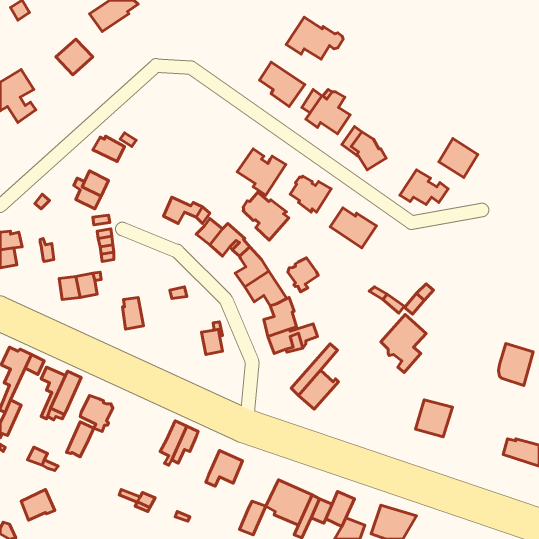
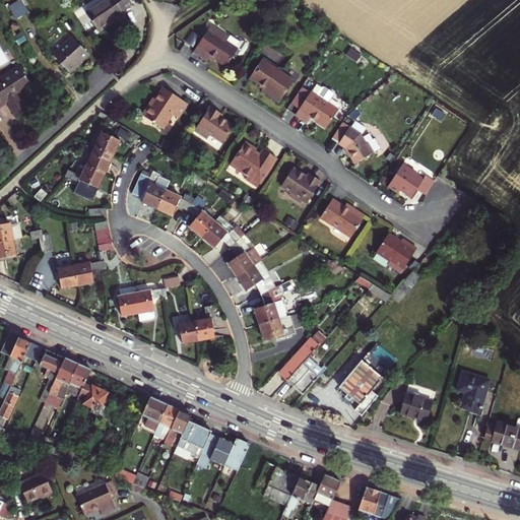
building: [286,17,343,59] -> [193,25,248,66]
building: none -> [141,87,187,129]
building: none -> [193,108,233,143]
building: [439,139,478,178] -> none
building: none -> [86,147,113,174]
building: none -> [132,171,170,208]
building: [243,192,289,240] -> none
building: none -> [374,235,414,274]
building: [288,258,318,292] -> none
building: none -> [134,289,154,322]
building: [381,314,426,372] -> [338,359,382,414]
building: none -> [178,320,198,344]
building: [498,343,533,386] -> [456,372,490,412]
building: none -> [142,396,169,431]
building: [66,422,94,457] -> [65,364,91,397]
building: none -> [174,420,212,460]
building: none -> [76,482,116,514]
building: [239,501,266,535] -> [224,438,250,470]

